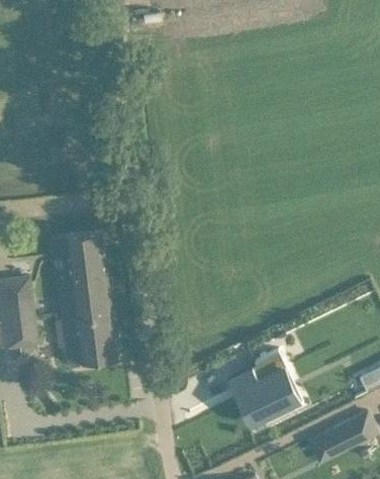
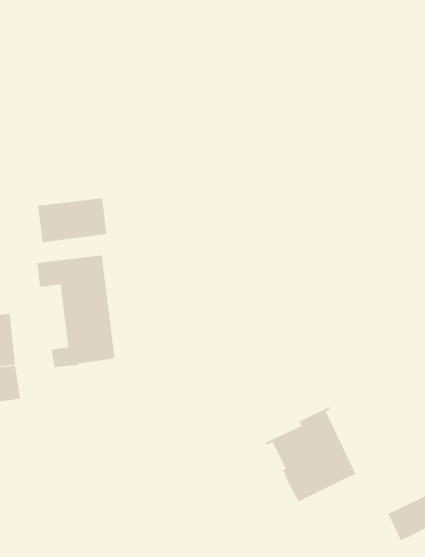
building: none -> [37,197,107,243]
building: [63,314,117,366] -> none

